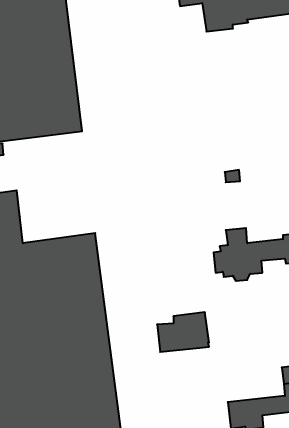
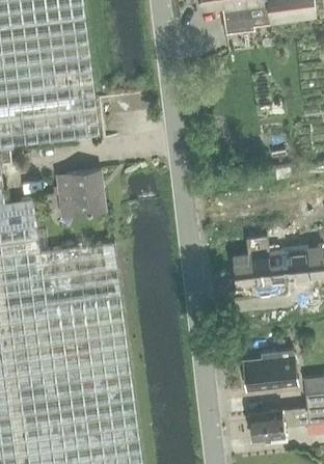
building: none -> [57,171,106,217]
building: [157,312,209,352] -> [244,350,297,390]

